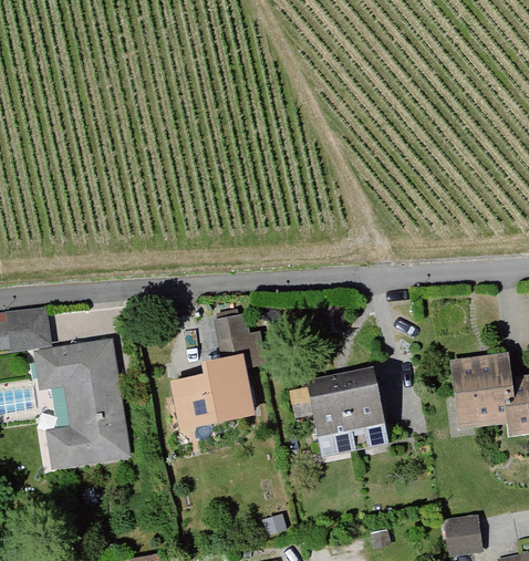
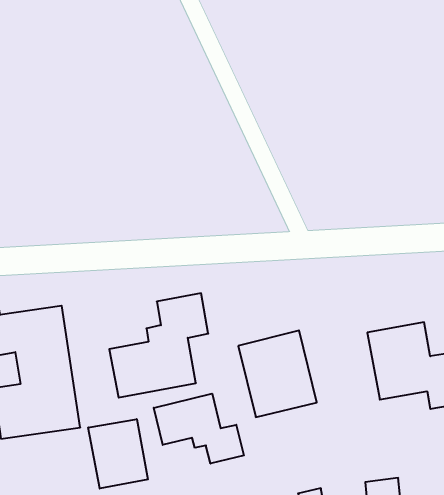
building: none -> [154,394,244,464]
building: none -> [88,419,148,489]

